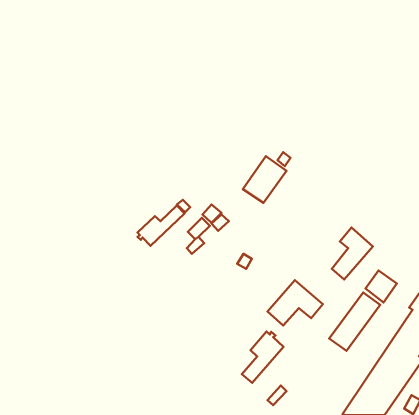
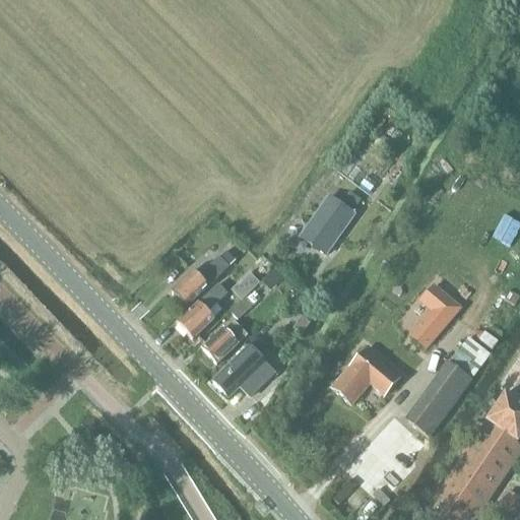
building: none -> [178,280,229,336]
building: none -> [202,320,250,363]
building: none -> [212,342,274,395]
building: [242,332,284,383] -> none

